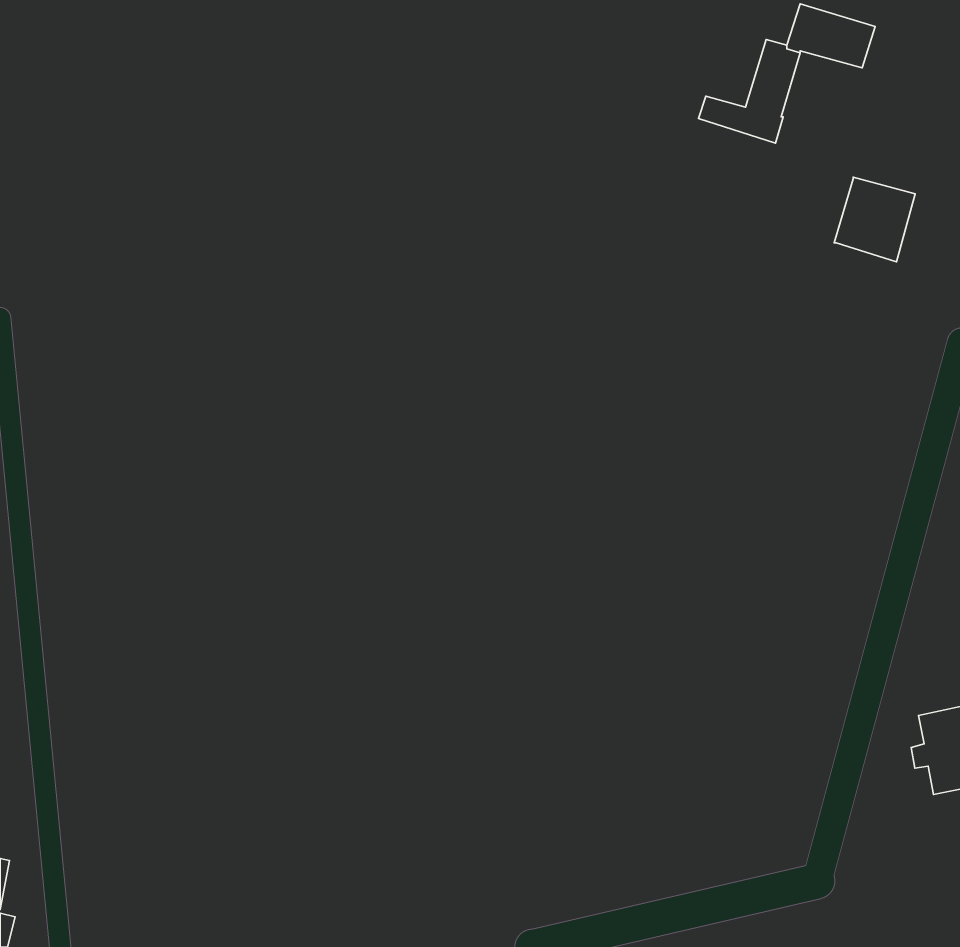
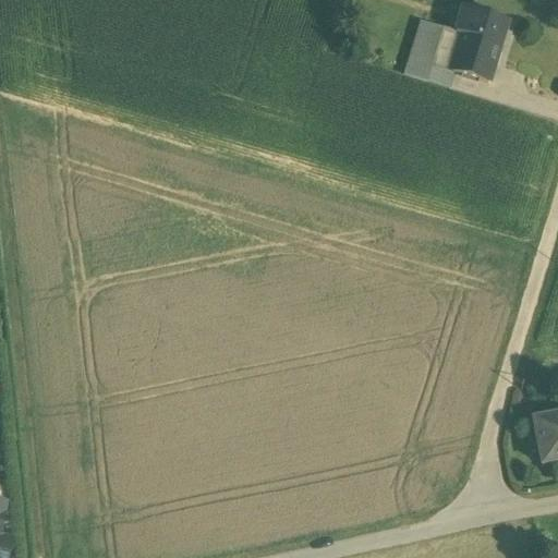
building: none -> [410,16,445,62]
building: [834,177,915,262] -> [453,29,500,78]

